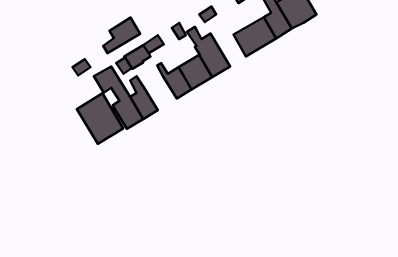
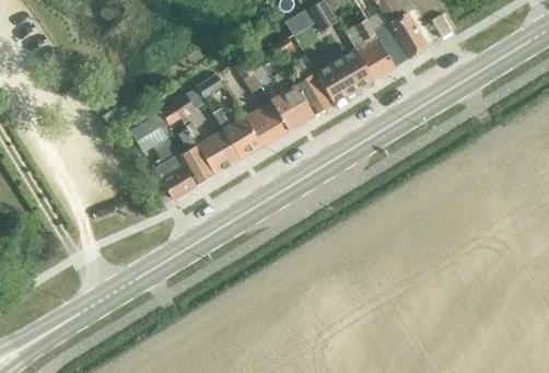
building: [103,18,140,53] -> none
building: none -> [285,57,332,117]
building: none -> [197,130,241,175]
building: [77,93,123,144] -> none

